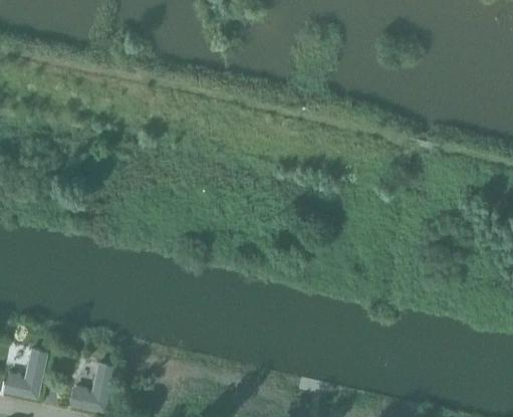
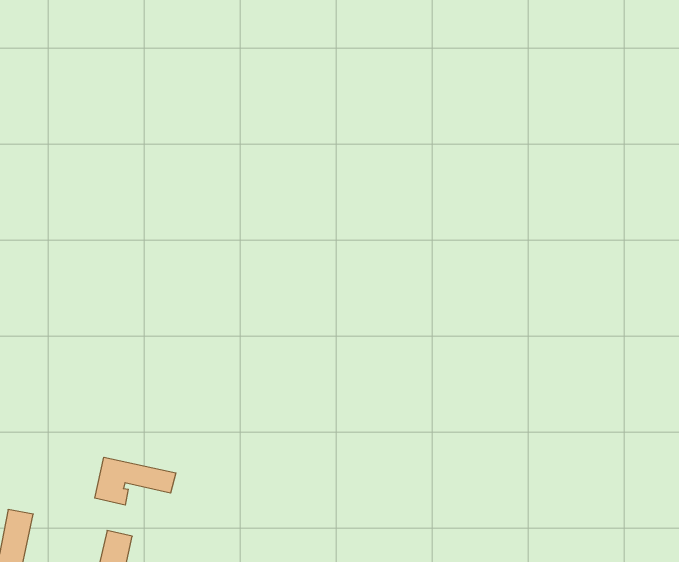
building: none -> [95,457,176,505]

